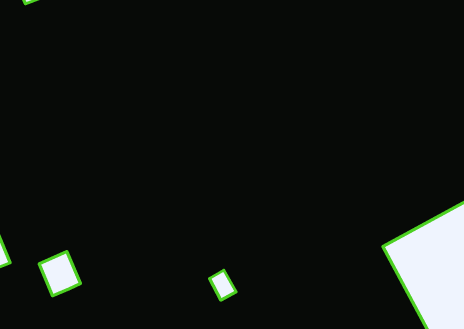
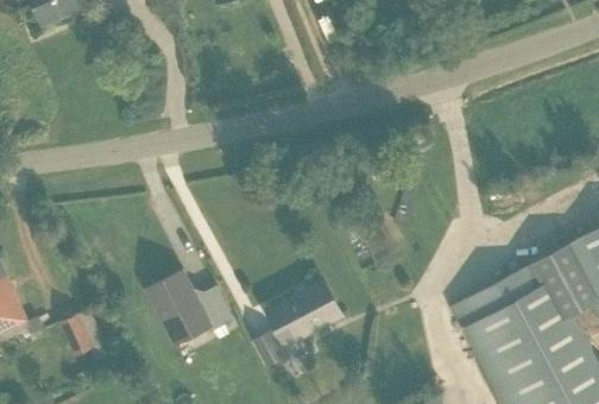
building: none -> [147,271,235,346]
building: none -> [267,280,343,347]

